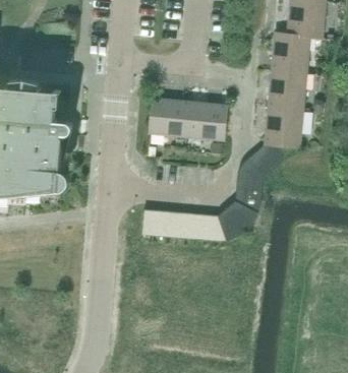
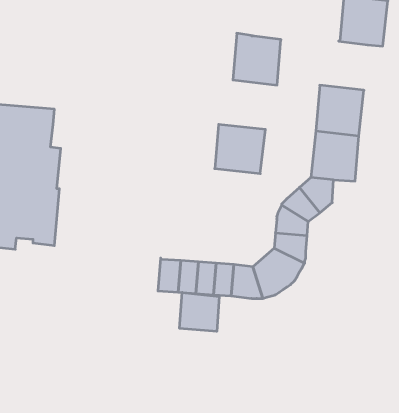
building: [272,32,310,73] -> [233,33,281,85]
building: [150,98,190,136] -> none
building: none -> [180,292,219,331]

